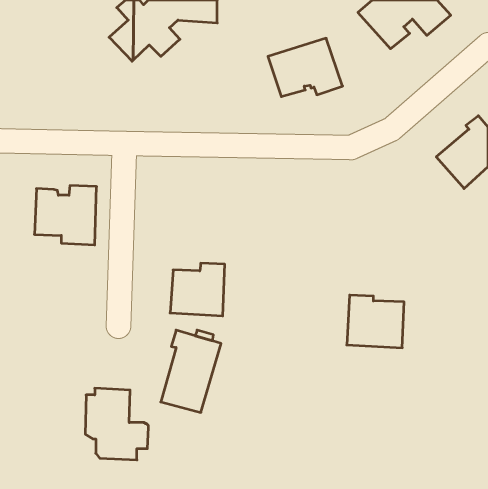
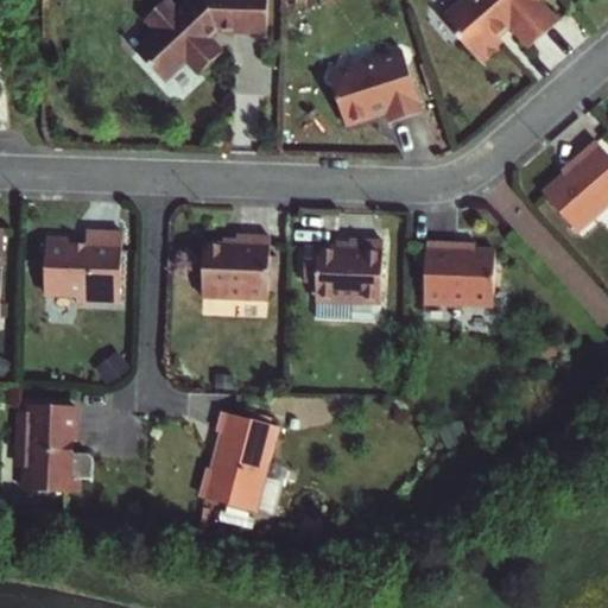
building: none -> [310,239,378,303]
building: [170,263,225,316] -> [201,234,268,299]
building: [347,295,404,348] -> [418,241,489,306]
building: [85,388,148,460] -> [18,401,96,490]

